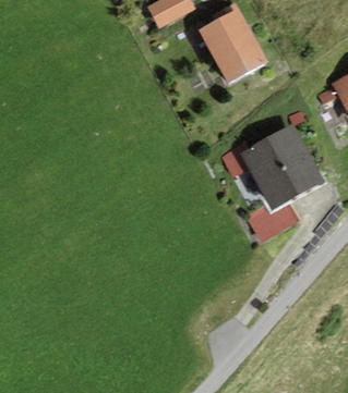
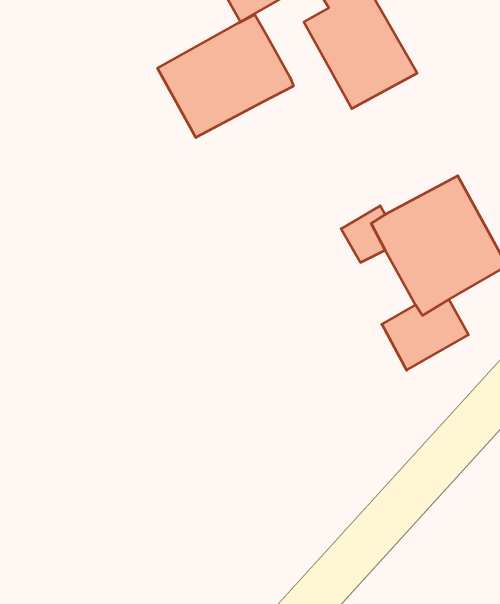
building: none -> [158,15,293,138]

